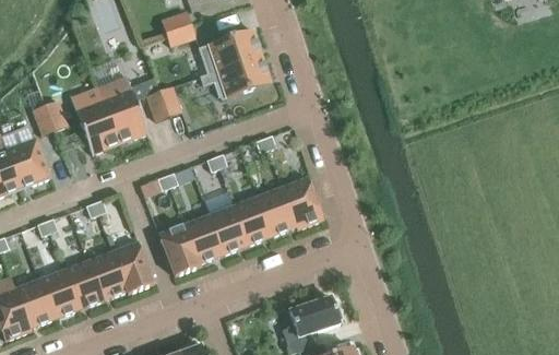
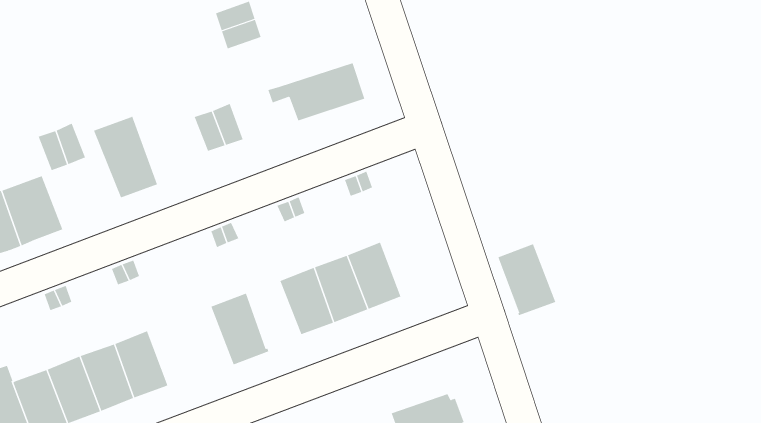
building: [198,29,261,74] -> none
building: [96,76,147,145] -> none
building: [281,177,323,229] -> [498,244,556,316]
building: [183,215,223,264] -> none
building: [111,241,153,294] -> none

